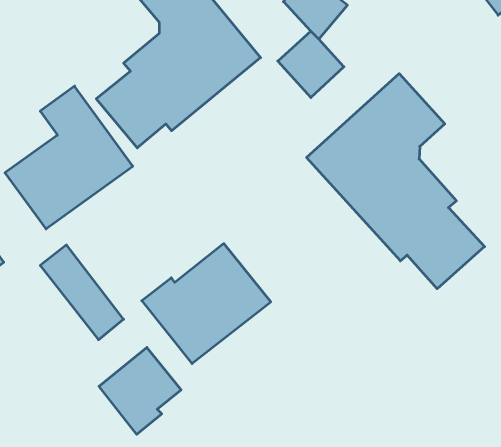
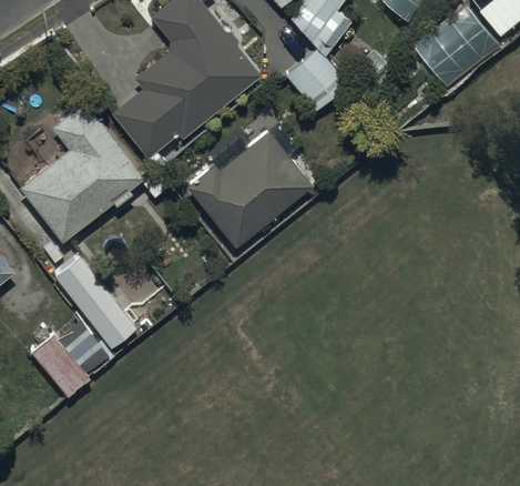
building: [307,74,485,289] -> none
building: [142,244,271,364] -> [187,131,313,247]
building: [99,347,181,434] -> [30,316,110,401]

